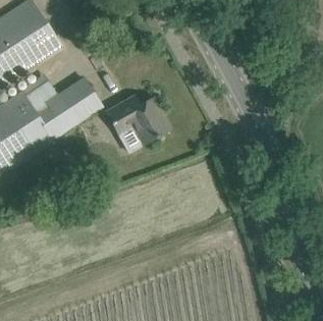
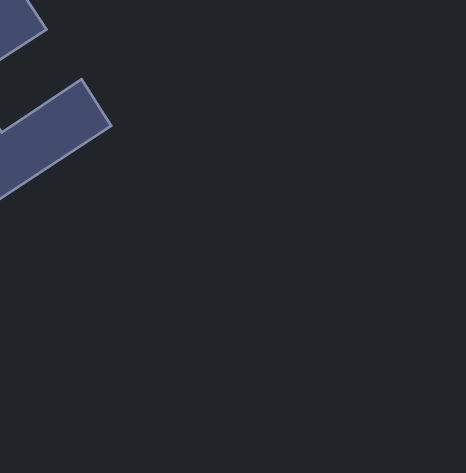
building: [106,94,169,152] -> none

